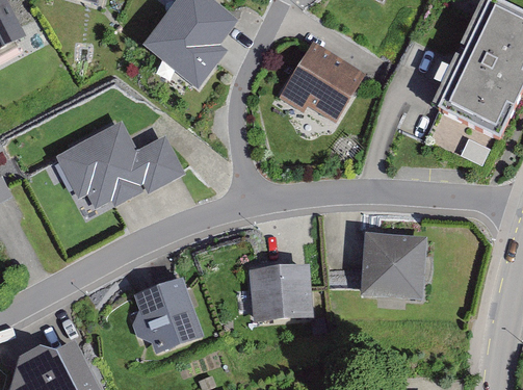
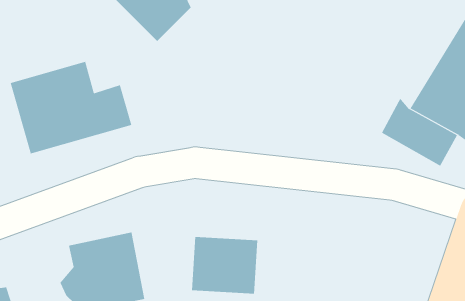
building: [276,45,357,120] -> none
building: [364,231,433,301] -> none

